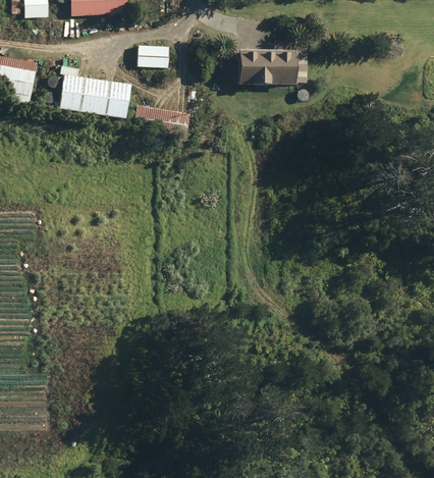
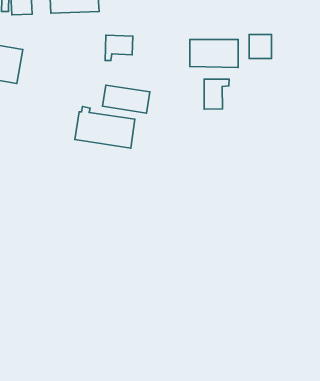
building: none -> [249,35,272,58]
building: [59,67,131,117] -> [75,107,135,148]
building: none -> [204,79,229,109]

